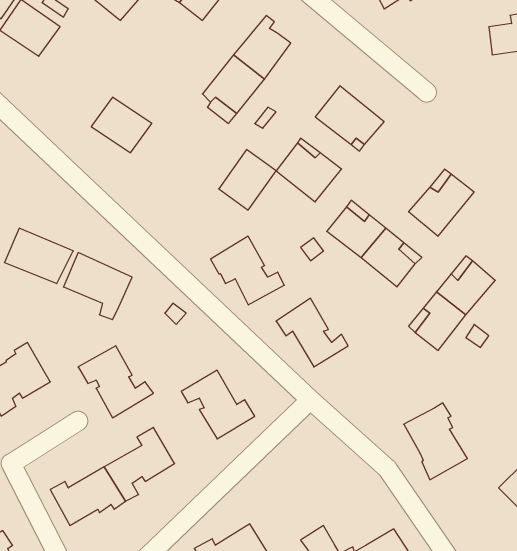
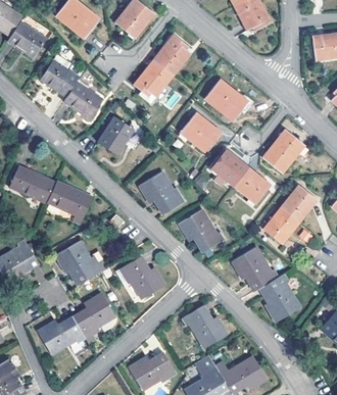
building: none -> [40,55,78,98]
building: [219,150,276,210] -> [97,118,133,156]
building: none -> [232,249,279,294]
building: none -> [182,305,228,347]

